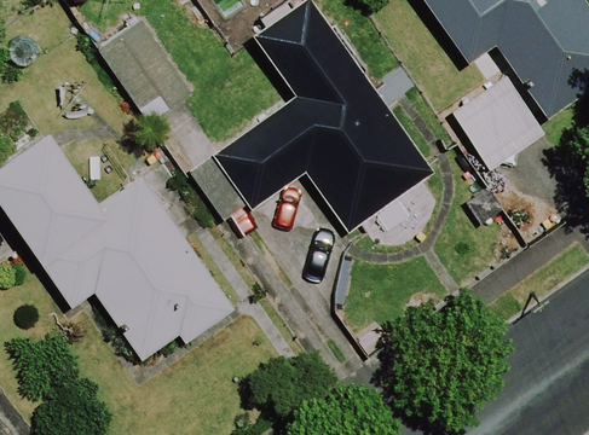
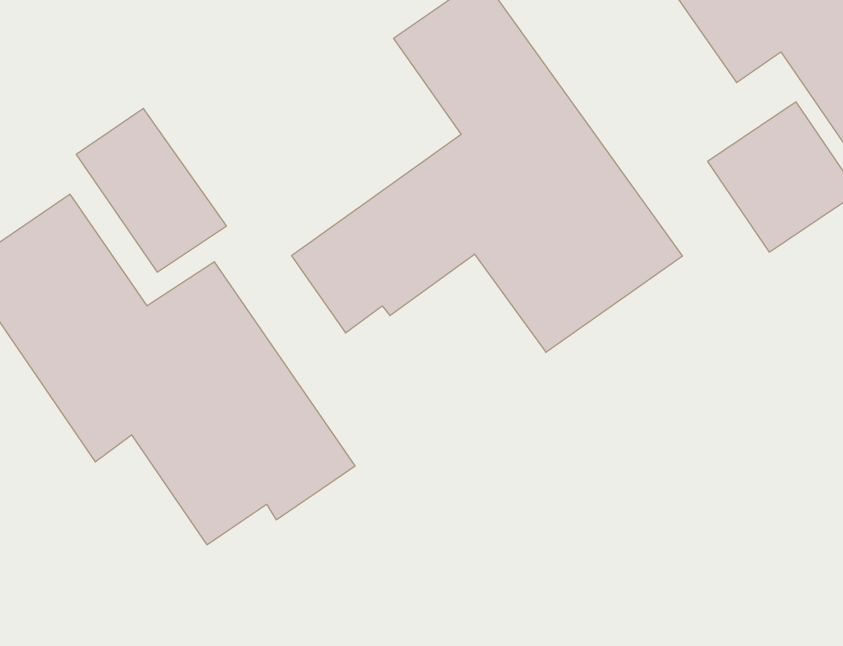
building: [98,21,192,123] -> [76,108,226,272]

